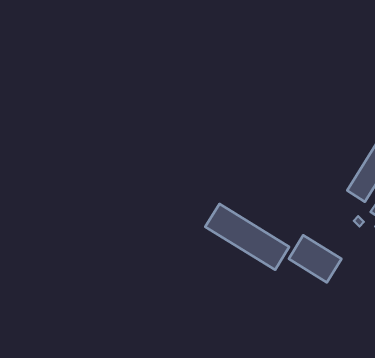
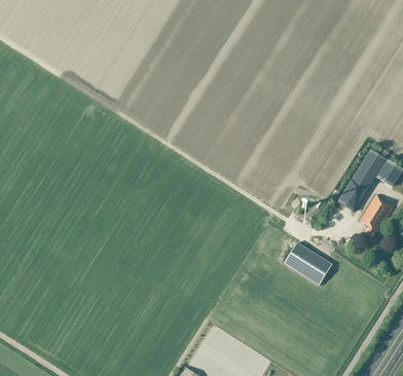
building: [205,204,289,270] -> none

